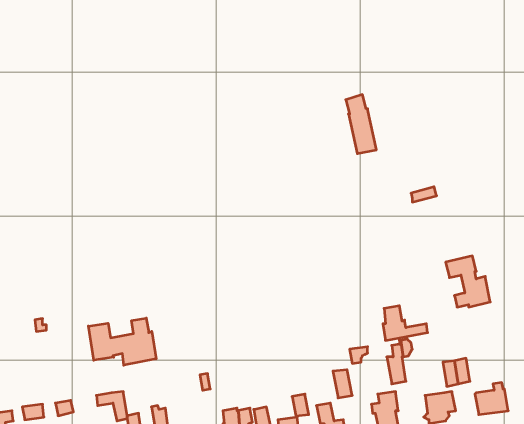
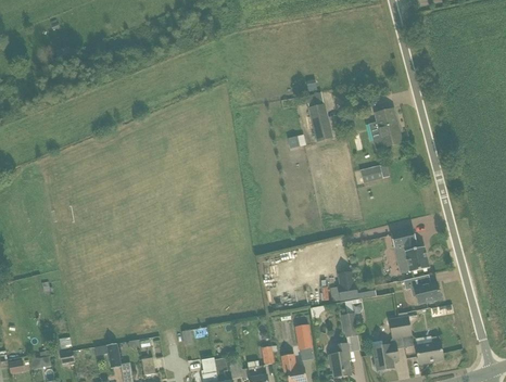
building: none -> [372,109,401,150]
building: none -> [403,275,440,305]
building: [88,318,156,365] -> none

